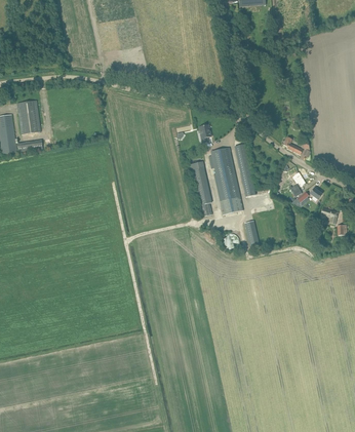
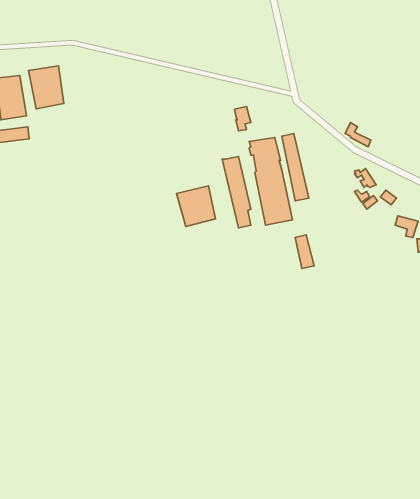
building: none -> [29,66,64,109]
building: none -> [176,186,216,227]

